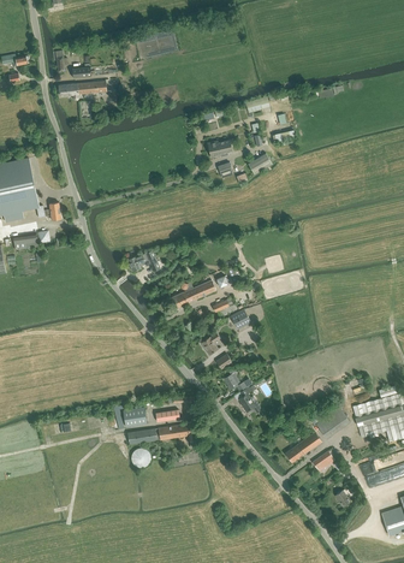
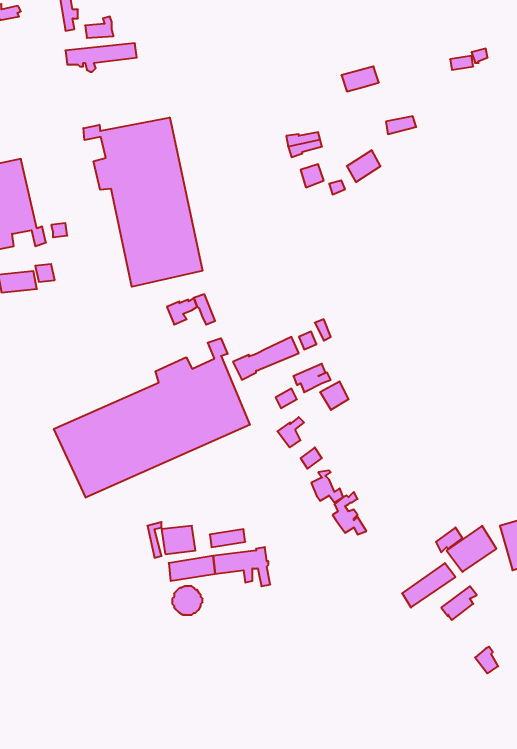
building: none -> [83,117,202,287]
building: none -> [54,338,250,498]

